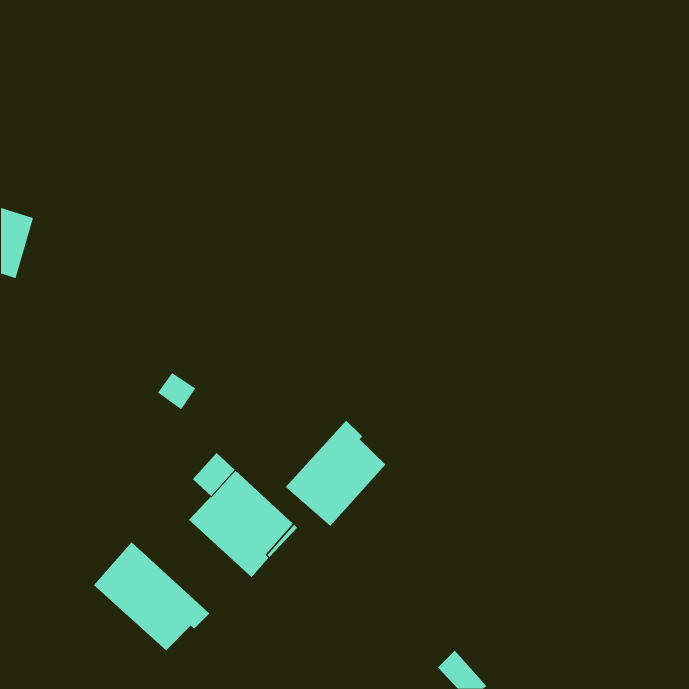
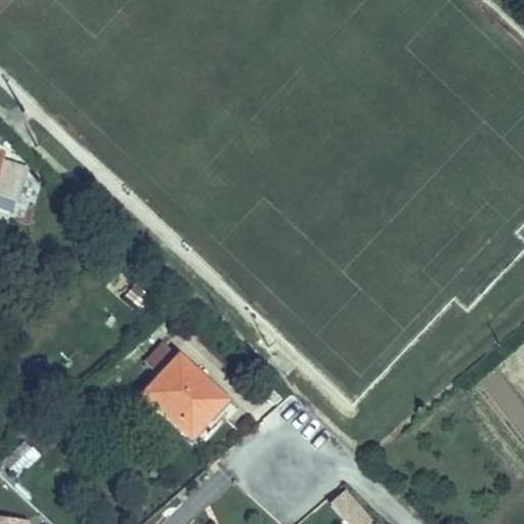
building: [285,420,386,527] -> none
building: [93,541,210,651] -> none

